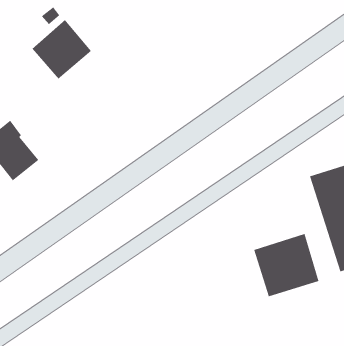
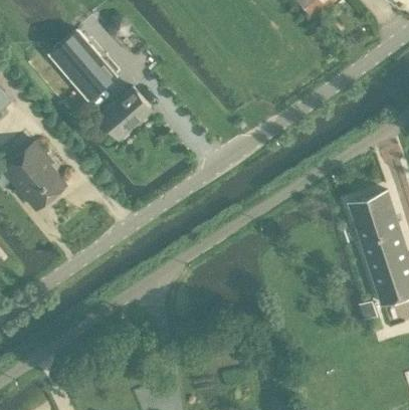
building: none -> [98,86,153,139]
building: [254,233,319,297] -> none

